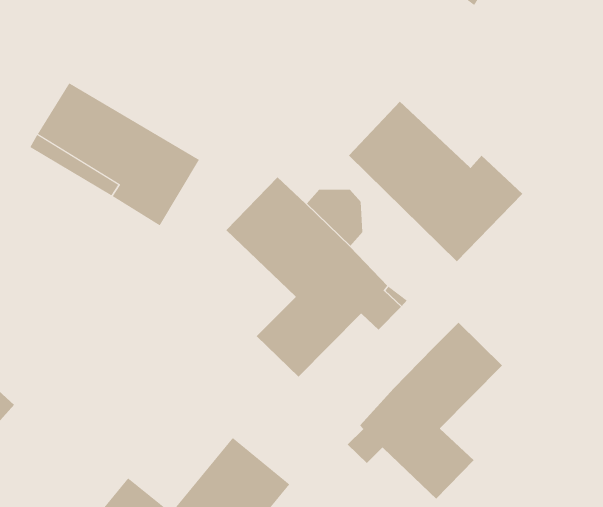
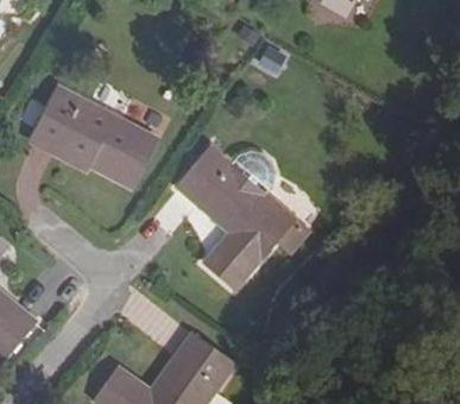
building: [348,101,523,262] -> none
building: [347,322,503,499] -> none

